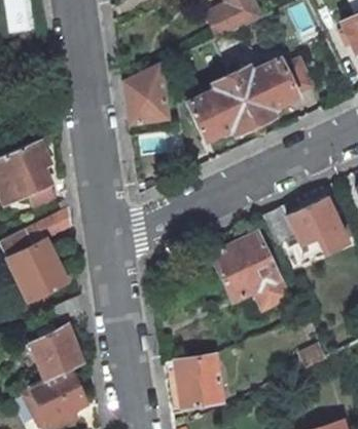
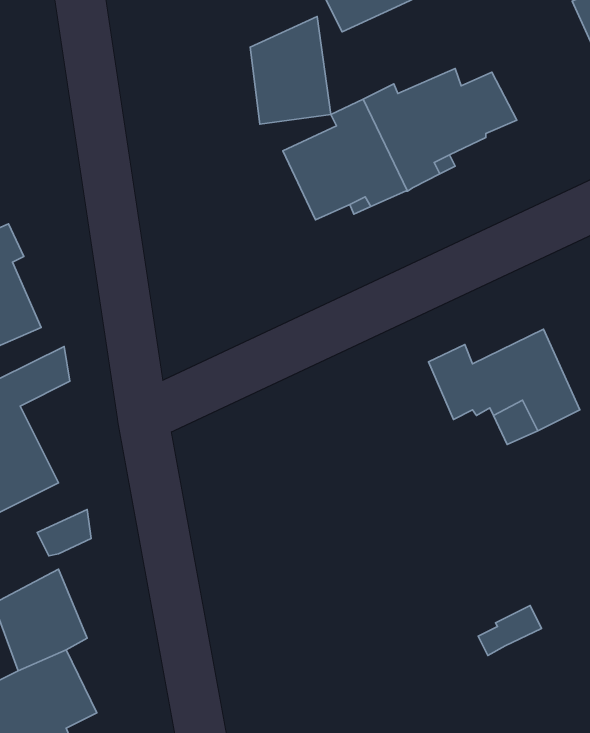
building: [126,66,169,123] -> [250,17,331,124]
building: [212,232,288,305] -> none
building: [166,354,222,408] -> none

